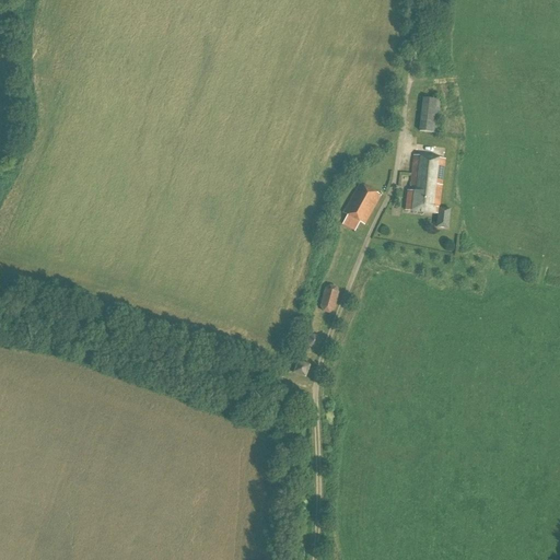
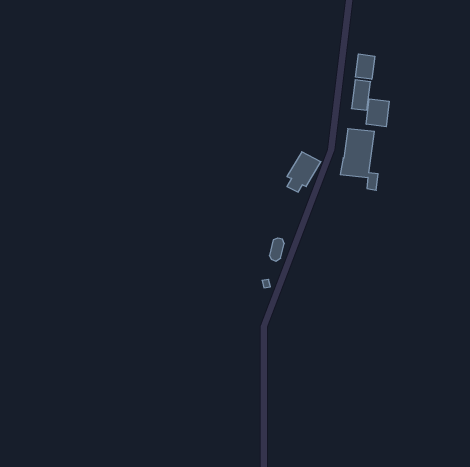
building: none -> [356,54,375,79]
building: none -> [366,99,389,127]

